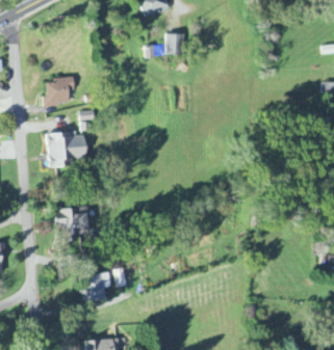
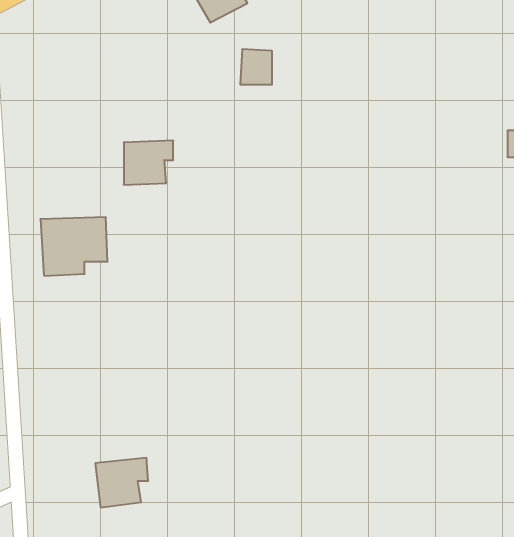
building: [45,78,74,104] -> [124,141,173,185]
building: [54,207,88,234] -> none

